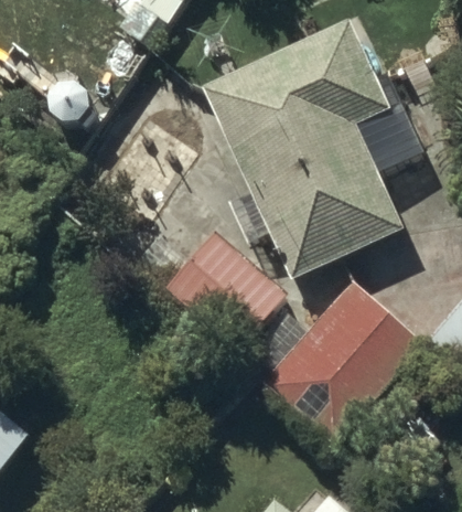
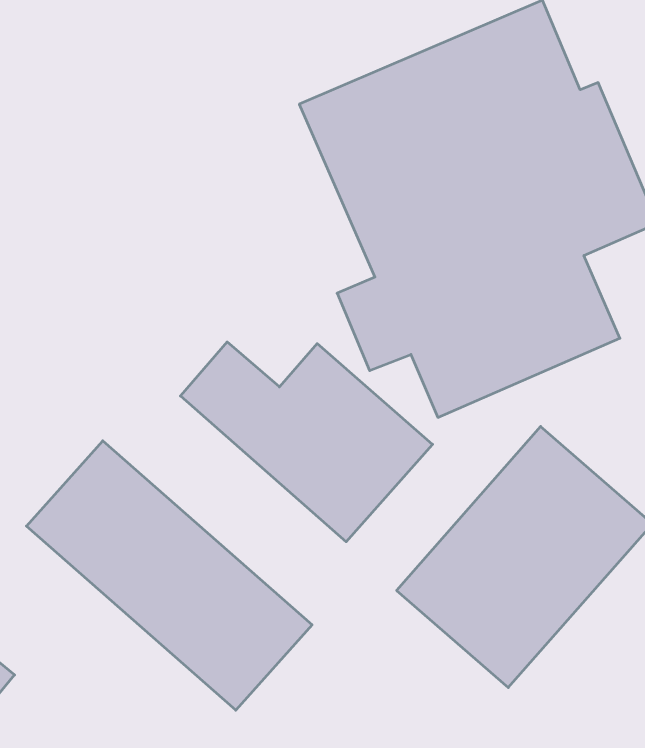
building: none -> [26,441,312,710]

